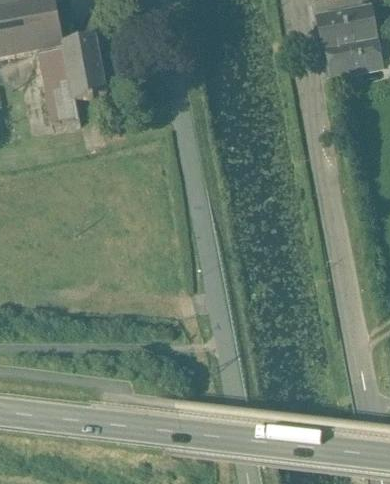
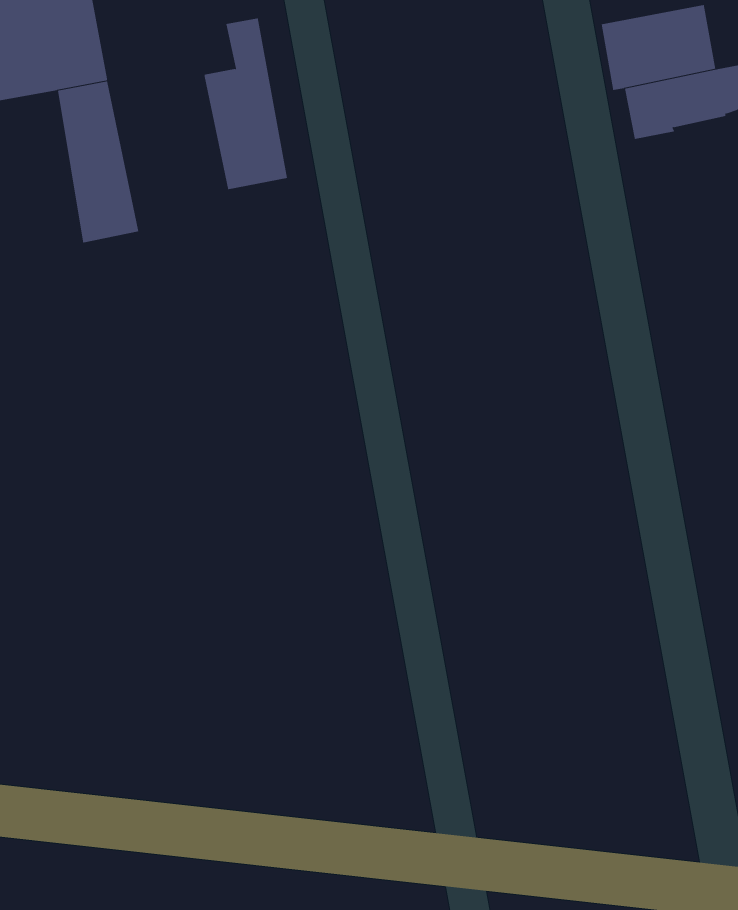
building: [63,14,106,102] -> [204,18,288,190]

